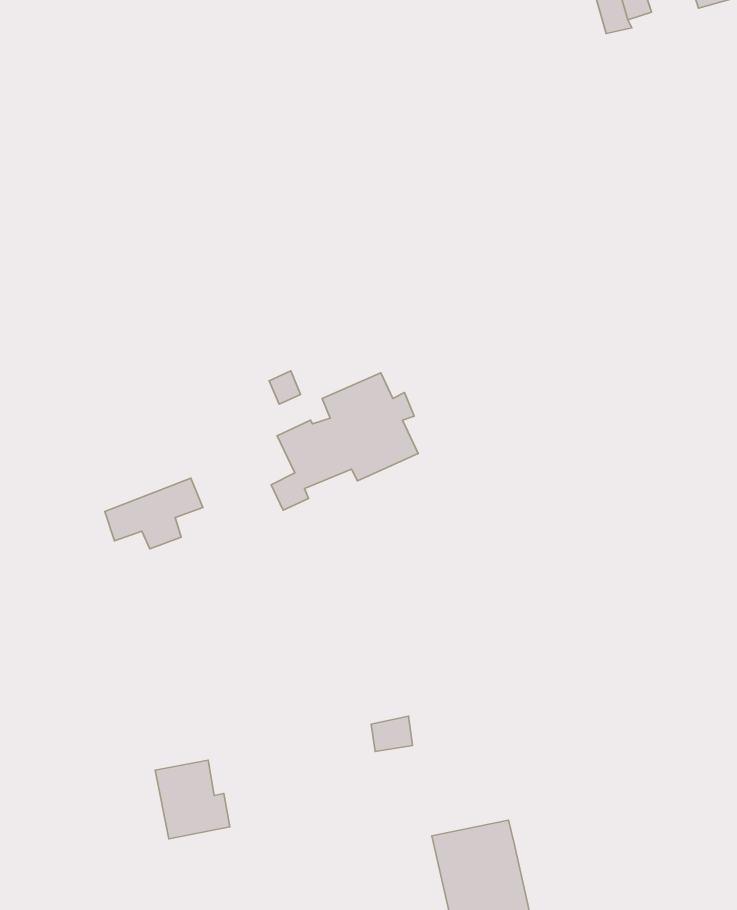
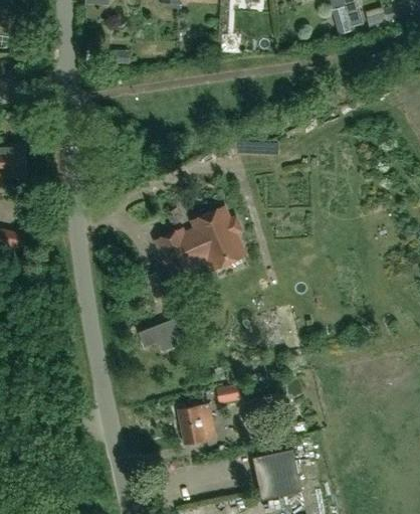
building: [105,478,203,549] -> [139,316,189,352]
building: [155,760,230,839] -> [177,405,215,446]

